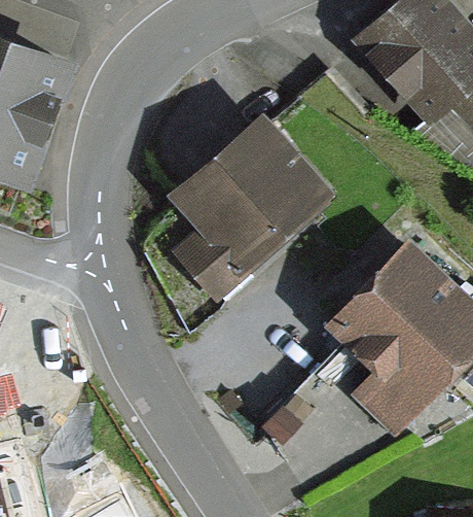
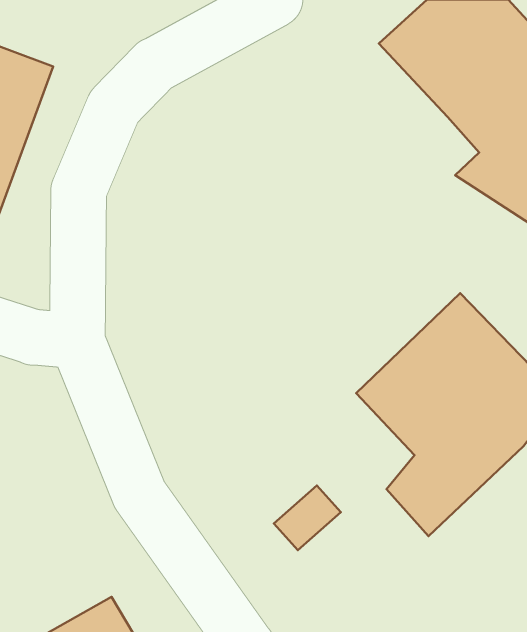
building: [170,115,335,307] -> none

